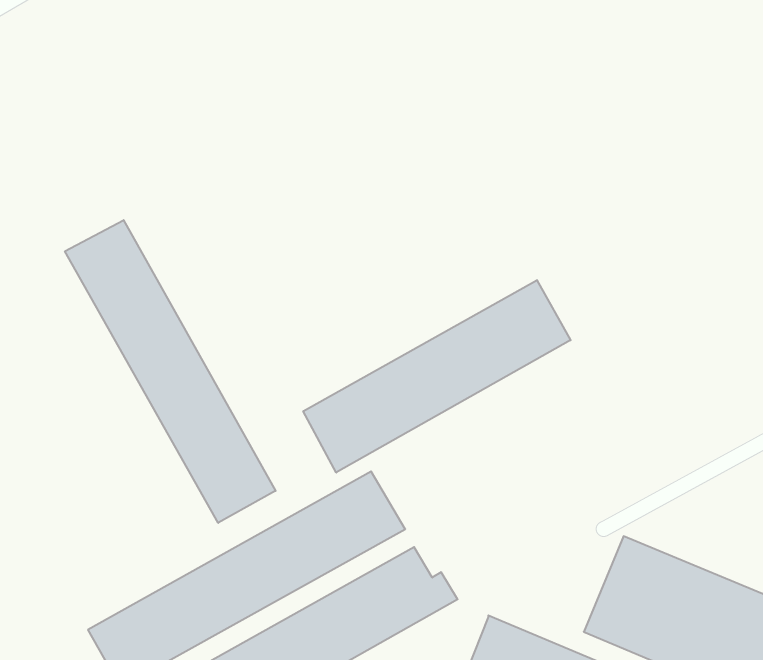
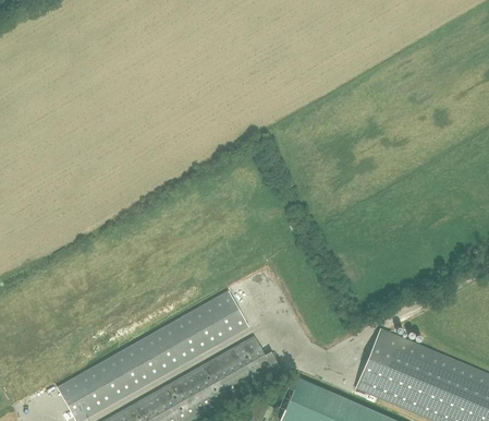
building: [65,220,276,523] -> none
building: [303,280,571,473] -> none

